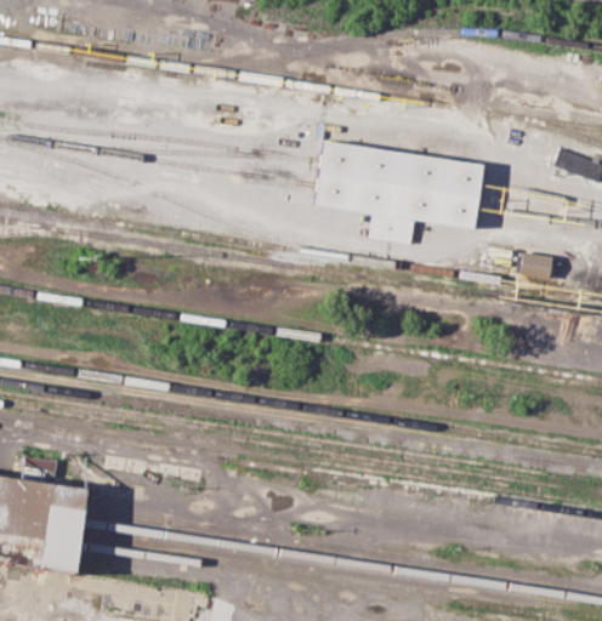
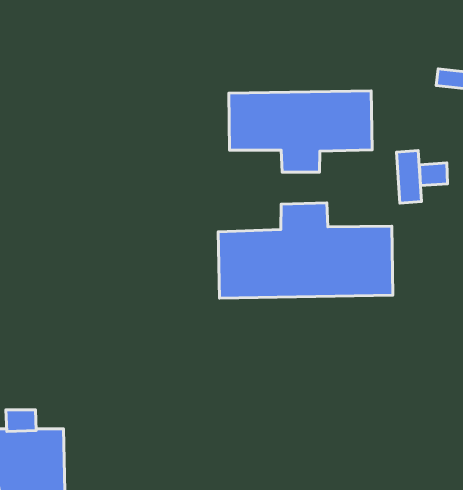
building: none -> [396,151,421,203]
building: none -> [218,203,393,298]

